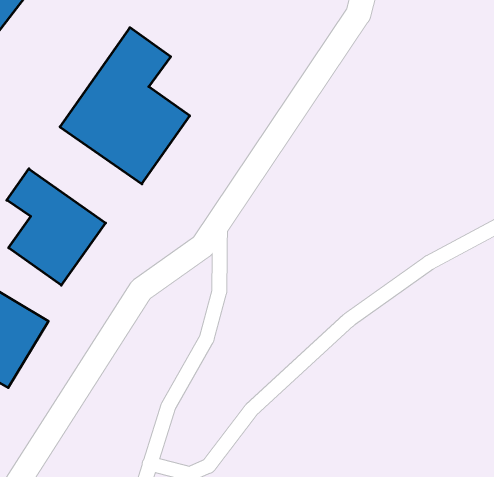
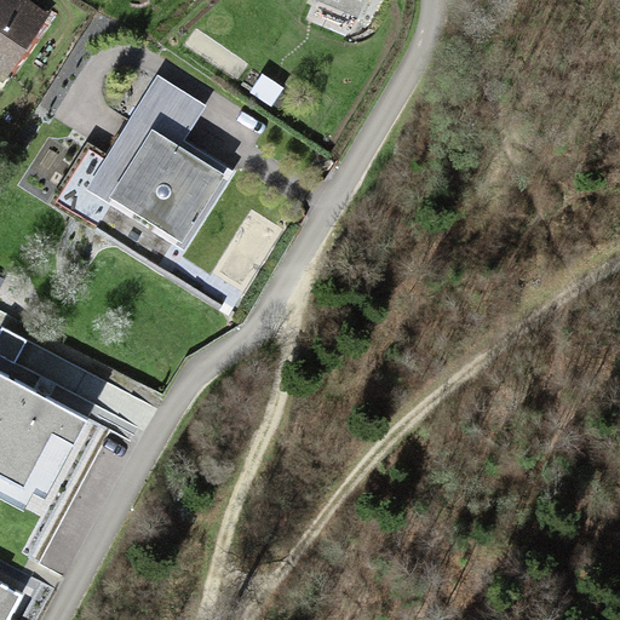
building: [7,169,106,285] -> none

